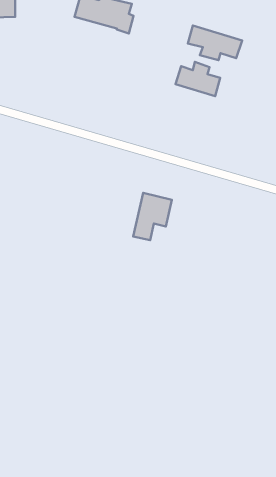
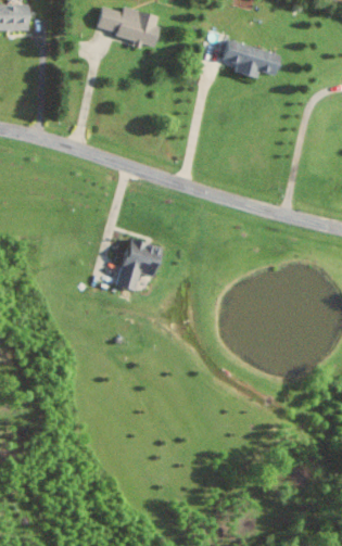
building: [175,62,220,96] -> none
building: [133,193,172,240] -> [116,239,159,291]

